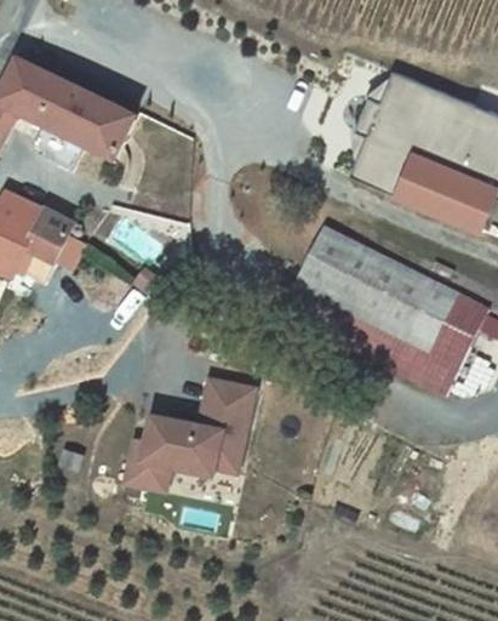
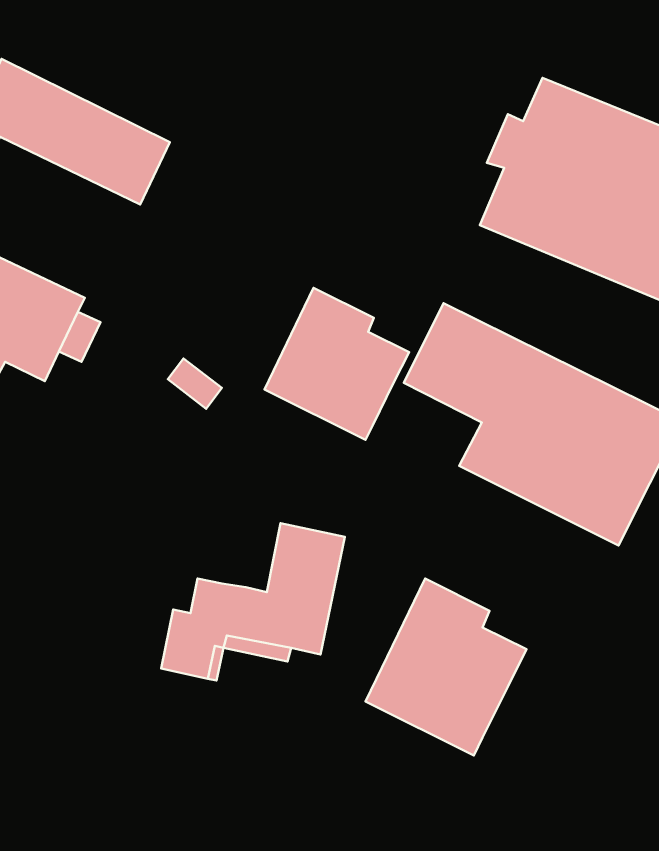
building: none -> [264,288,409,440]
building: none -> [366,579,527,756]

